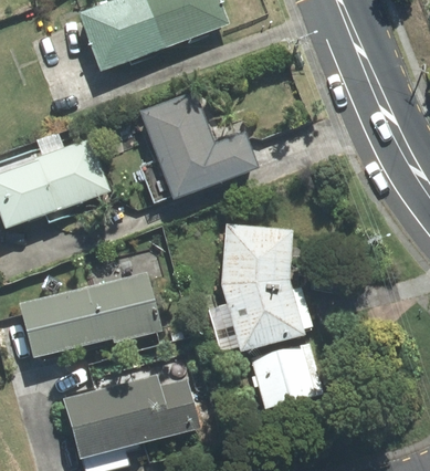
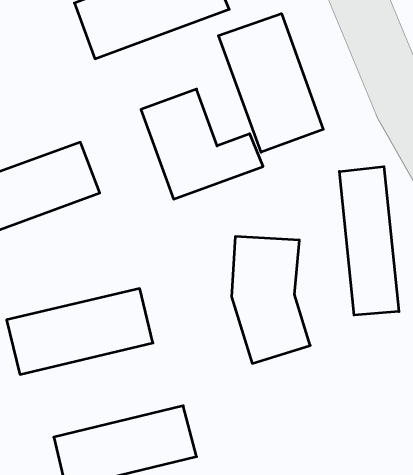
building: none -> [218,14,323,152]
building: none -> [339,167,399,315]
building: [256,339,318,402] -> none

